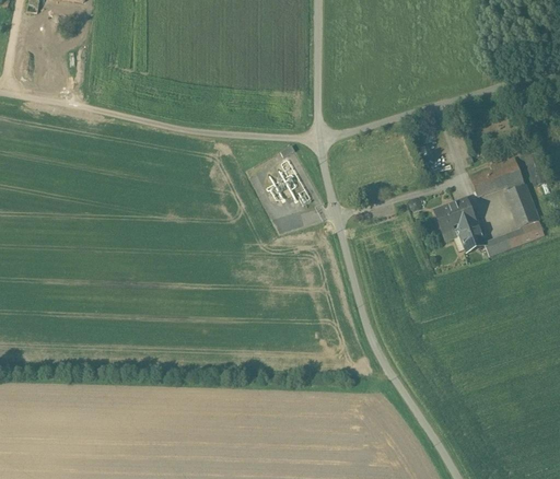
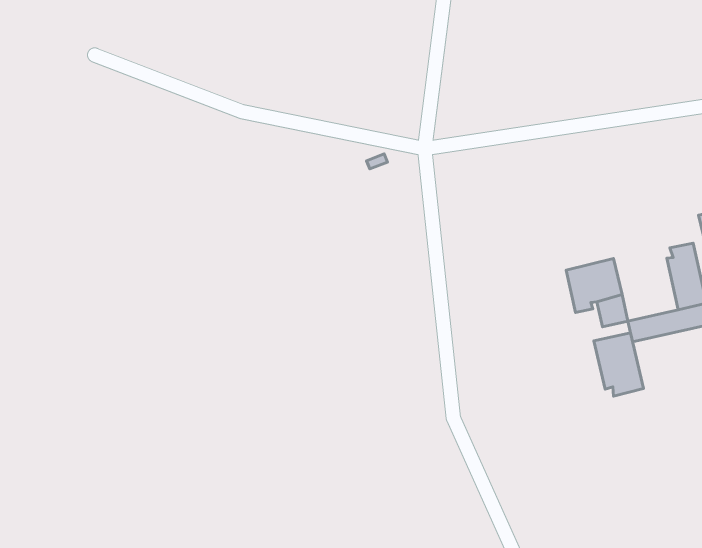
building: [469,159,522,195] -> none
building: none -> [594,333,643,396]

